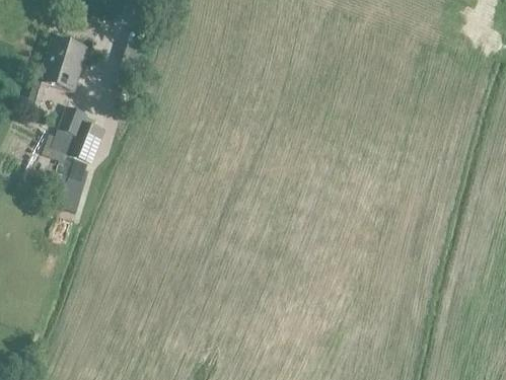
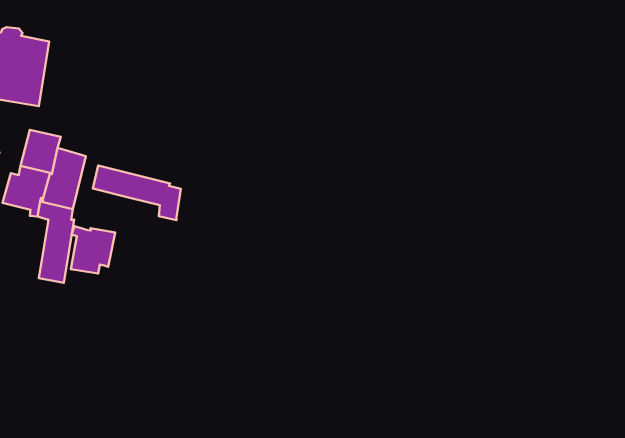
building: none -> [93,166,181,220]
building: none -> [71,226,115,274]

